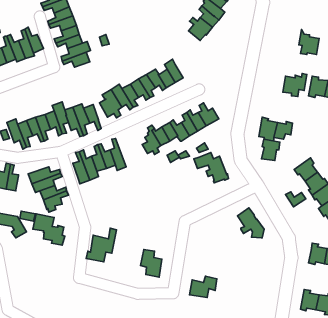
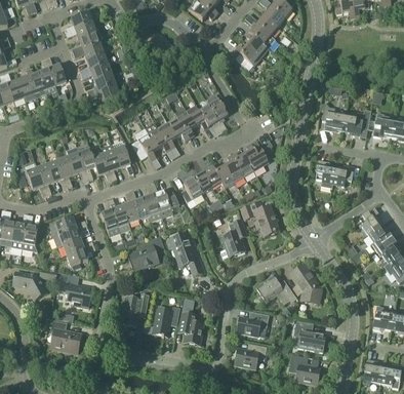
building: [299,30,319,55] -> [322,103,346,131]
building: none -> [150,183,179,218]
building: [261,139,280,161] -> none
building: none -> [219,220,247,258]
building: none -> [170,233,203,274]
building: none -> [129,236,165,271]
building: none -> [256,275,295,305]
building: none -> [152,307,179,338]
building: none -> [237,312,269,337]
building: none -> [46,319,79,352]
building: none -> [294,321,325,351]
building: none -> [287,354,319,385]

